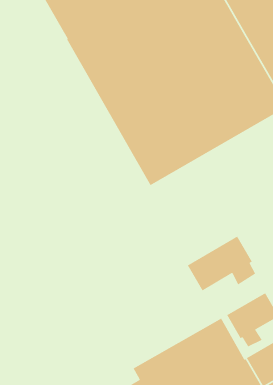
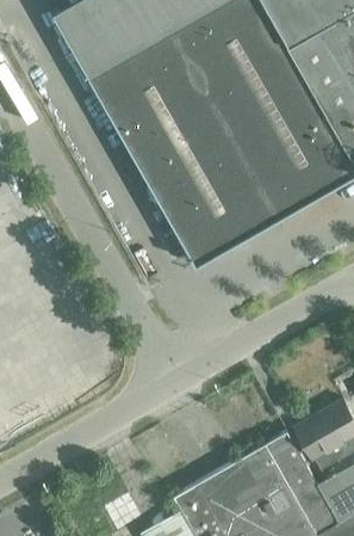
building: [187,236,256,291] -> none

